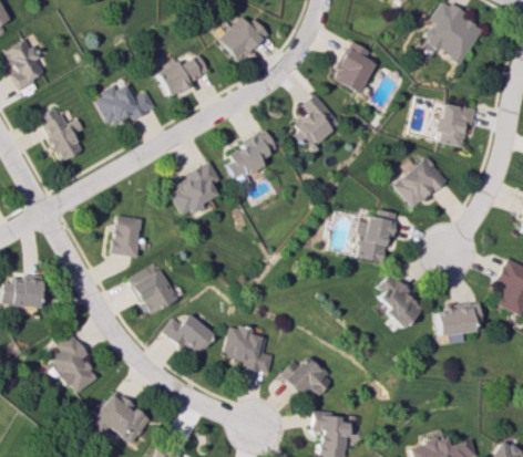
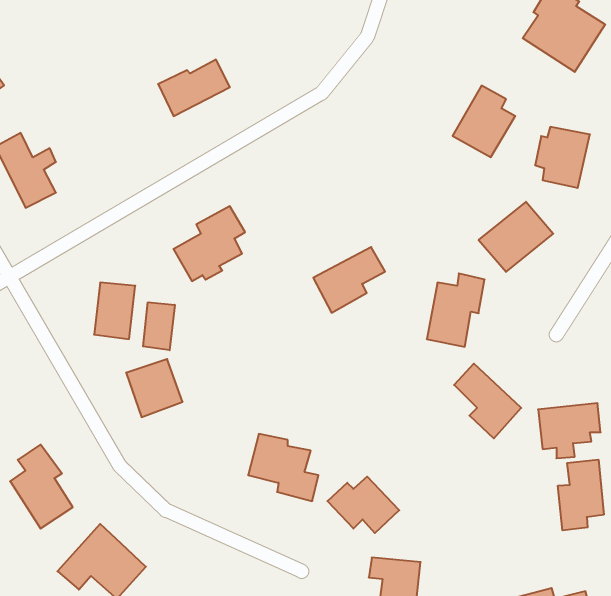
building: [215,17,269,62] -> none
building: [331,41,377,93] -> [453,86,515,157]
building: [95,82,157,126] -> none
building: [291,94,340,148] -> none
building: [226,132,278,179] -> [313,247,385,313]
building: none -> [143,302,175,350]
building: [165,309,216,357] -> none
building: none -> [558,460,604,530]

